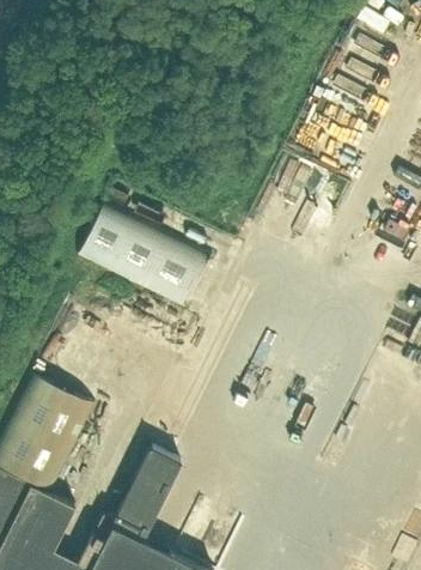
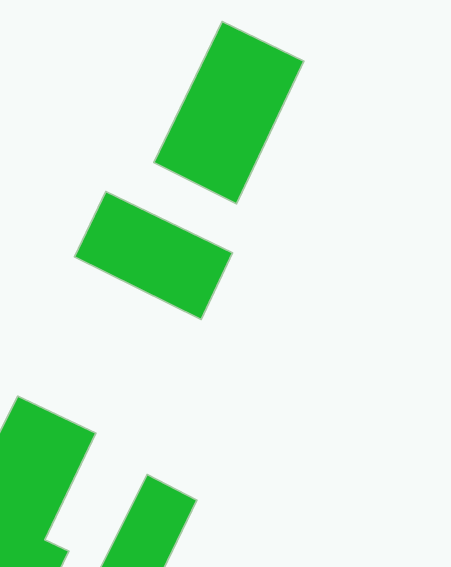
building: none -> [154,21,304,204]

